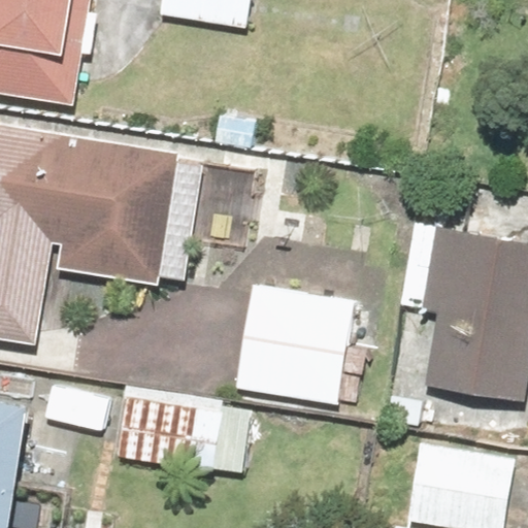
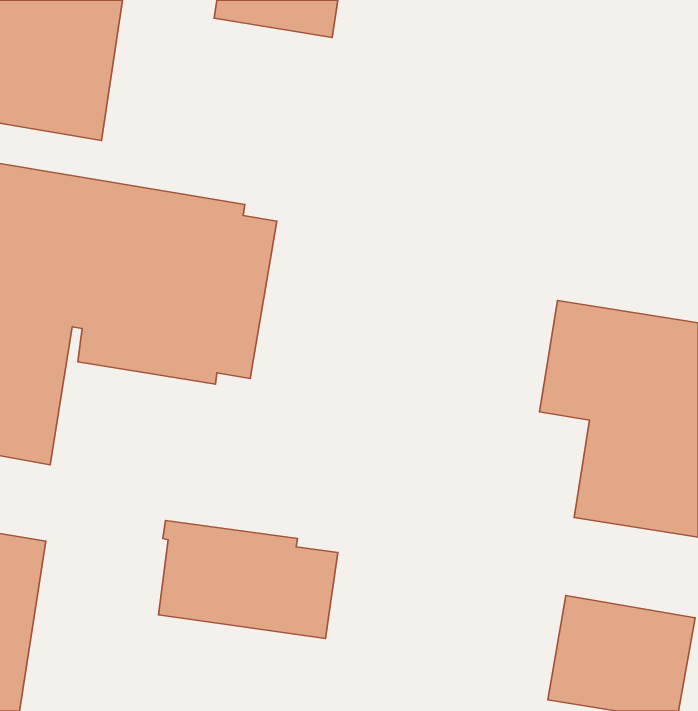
building: [236,284,353,403] -> none

